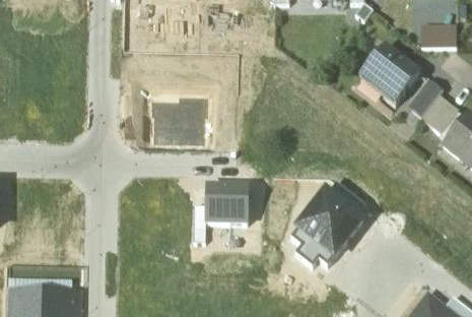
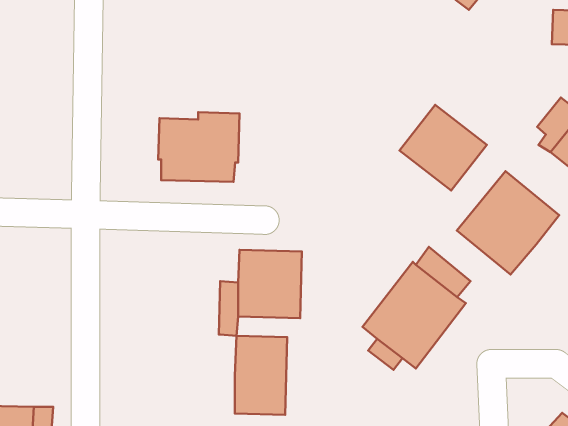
building: [359,44,419,103] -> [400,105,487,191]
building: none -> [457,171,559,274]
building: none -> [235,336,287,415]

